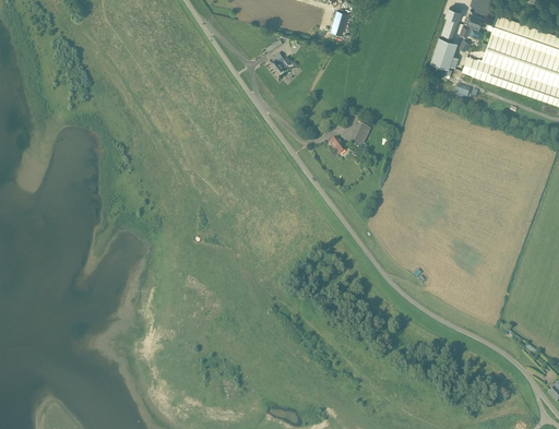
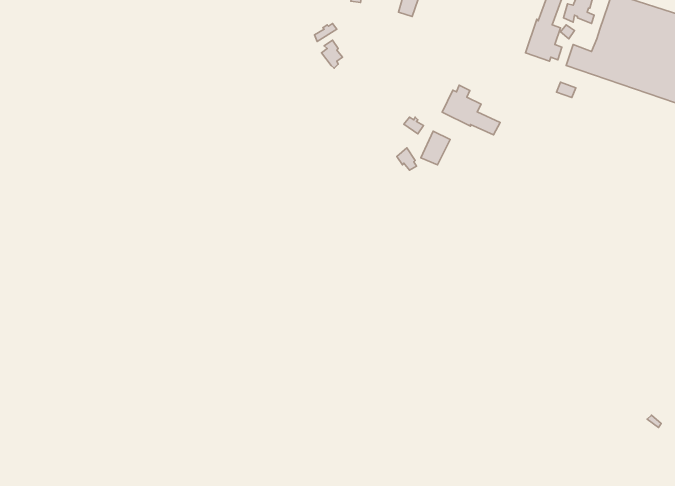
building: none -> [442,85,500,135]

